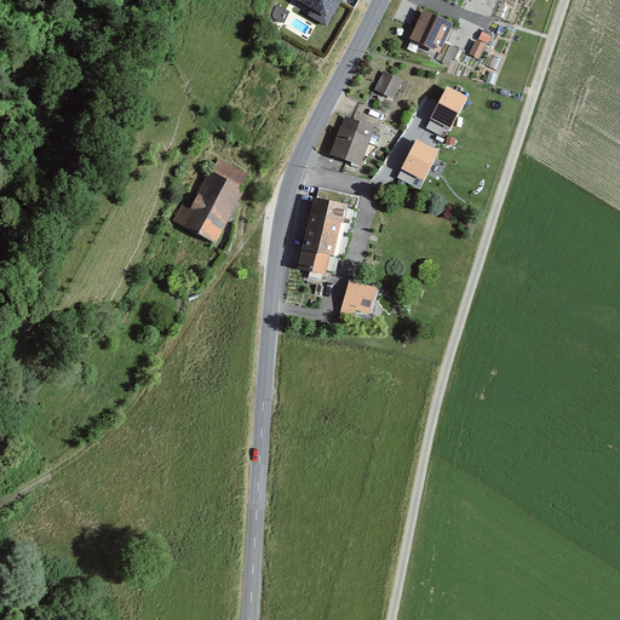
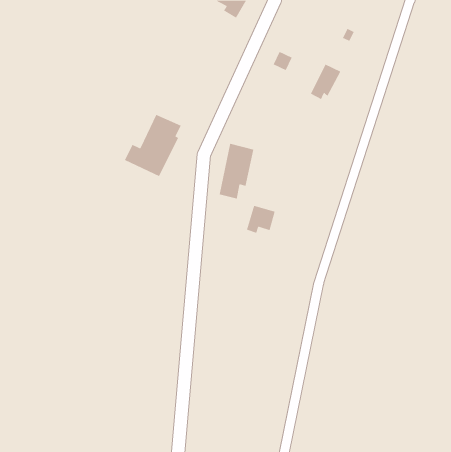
building: [411,10,453,51] -> none
building: [328,114,374,163] -> none
building: [395,142,437,186] -> none

